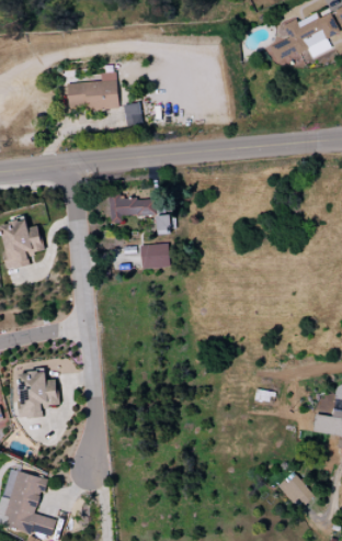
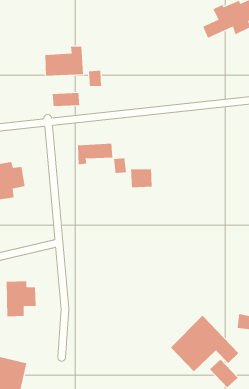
building: none -> [52,92,80,107]
building: [140,244,169,268] -> [130,169,153,188]
building: none -> [170,315,239,372]

